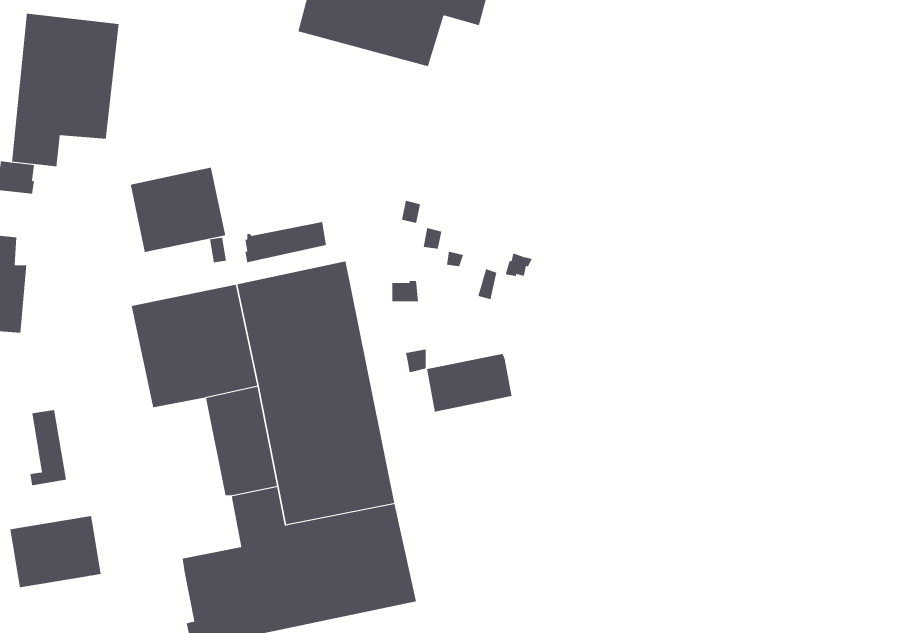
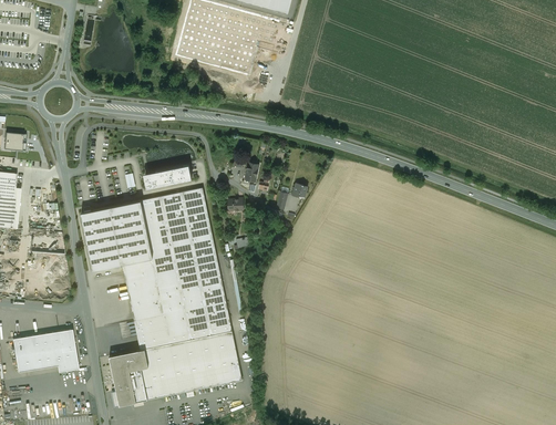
building: [12,13,119,167] -> none
building: [130,167,226,253] -> none
building: [427,353,512,412] -> none
building: [30,409,67,486] -> [56,328,78,371]

